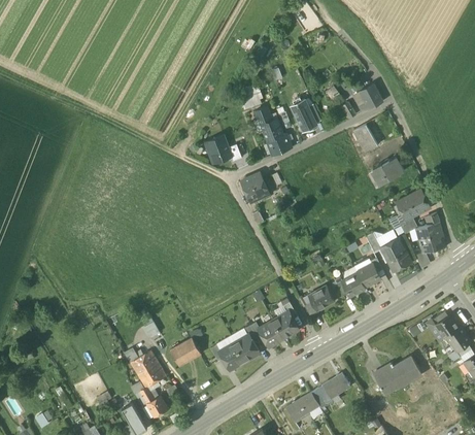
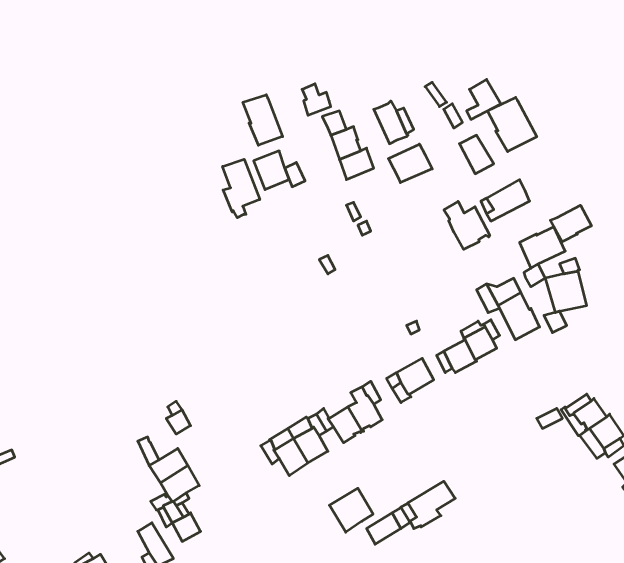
building: none -> [243,95,283,145]
building: none -> [487,97,537,152]
building: none -> [388,144,432,183]
building: none -> [223,159,260,218]
building: none -> [444,201,490,249]
building: [241,174,269,203] -> none
building: none -> [550,205,591,242]
building: [170,338,201,366] -> none
building: [375,357,421,395] -> none
building: none -> [329,488,373,532]

